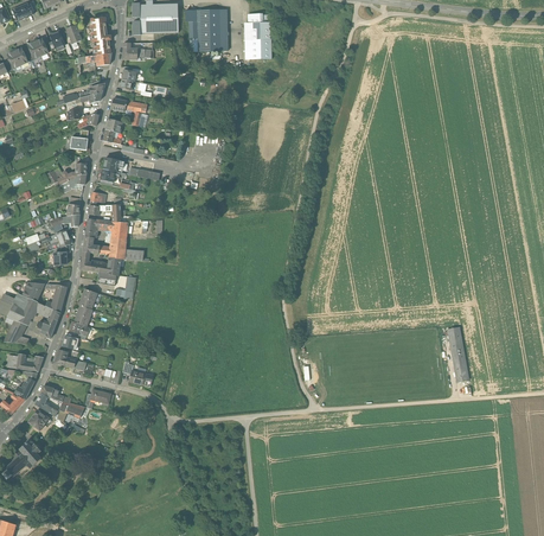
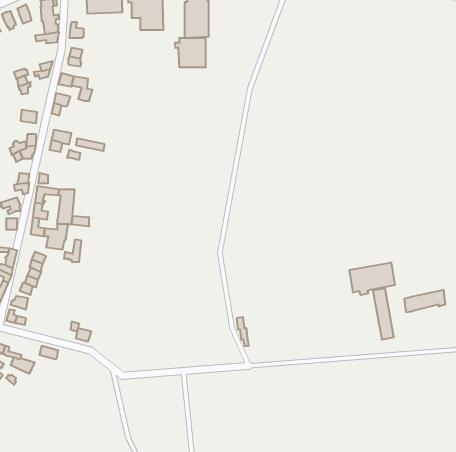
building: none -> [175,38,206,68]
building: none -> [349,262,395,295]
building: none -> [404,290,445,312]

